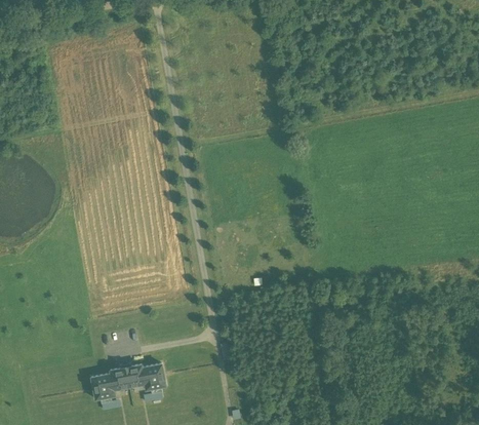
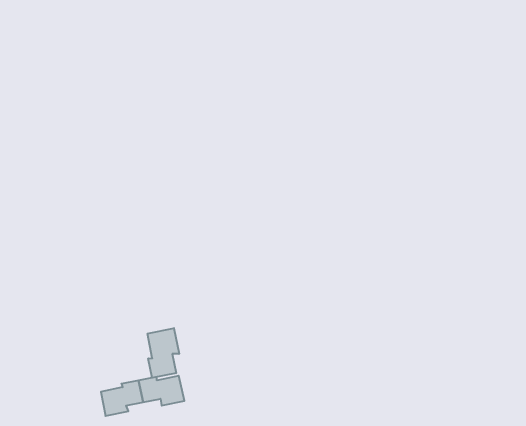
building: none -> [148,328,179,378]

